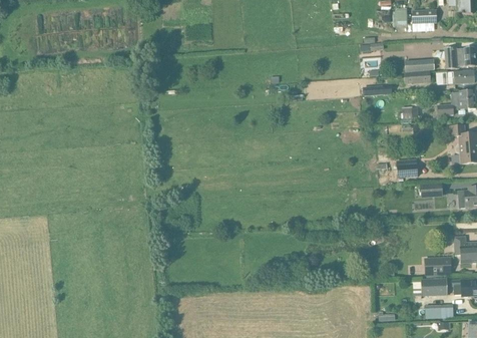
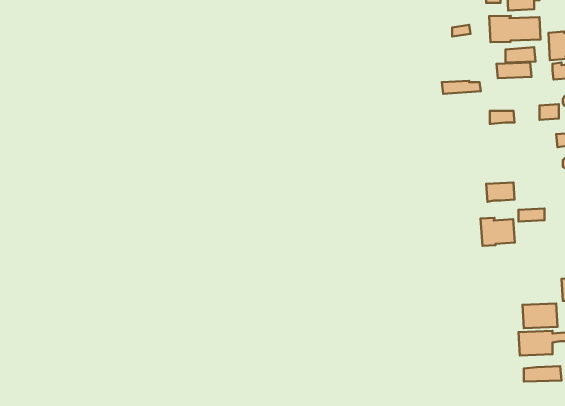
building: none -> [489,16,540,42]
building: none -> [480,218,515,246]

